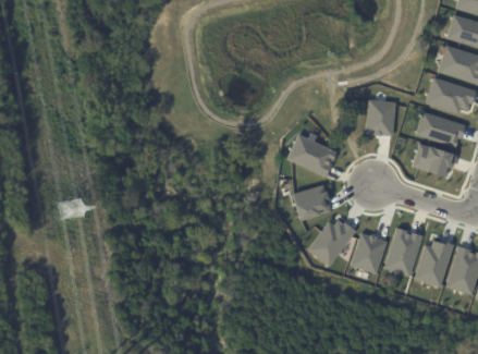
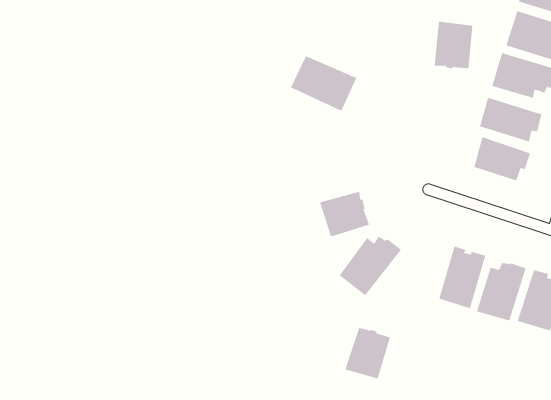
building: [366,98,396,135] -> [434,21,473,69]
building: [285,133,338,176] -> [290,55,357,111]
building: [351,232,387,272] -> [345,328,391,379]

